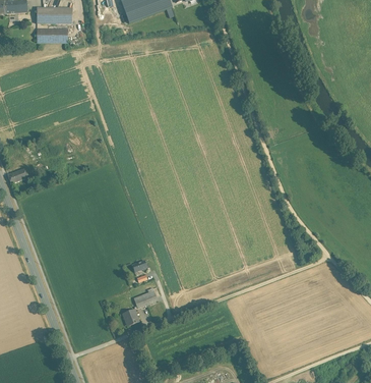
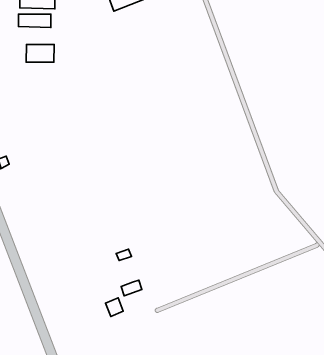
building: none -> [26,44,54,62]

